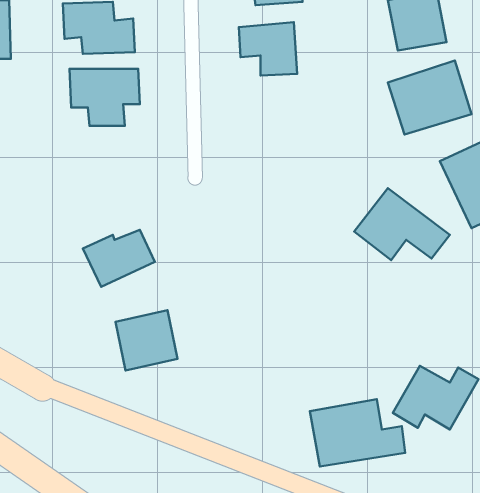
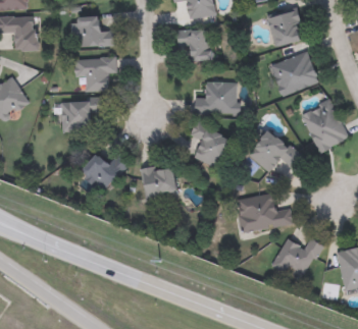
building: none -> [195,83,240,115]
building: none -> [60,98,102,132]
building: none -> [189,123,232,169]
building: [115,310,177,370] -> [140,163,177,200]
building: [310,399,405,466] -> [234,193,292,233]

